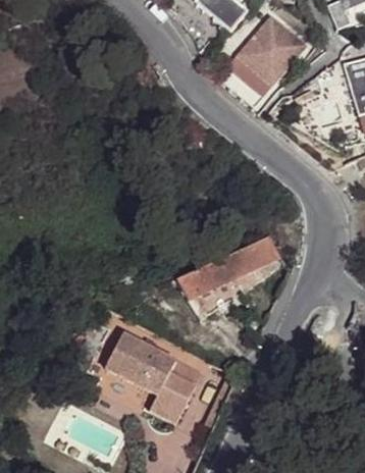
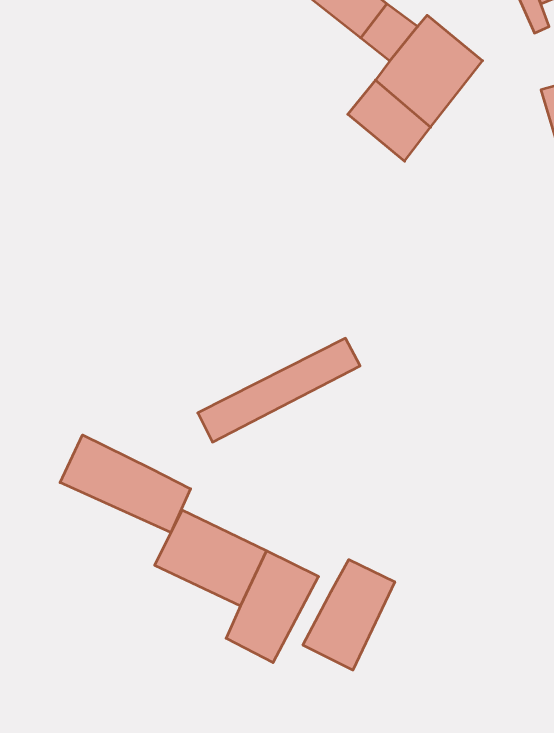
building: [176,238,278,303] -> [198,338,360,442]
building: none -> [60,435,191,533]
building: none -> [303,560,395,670]

